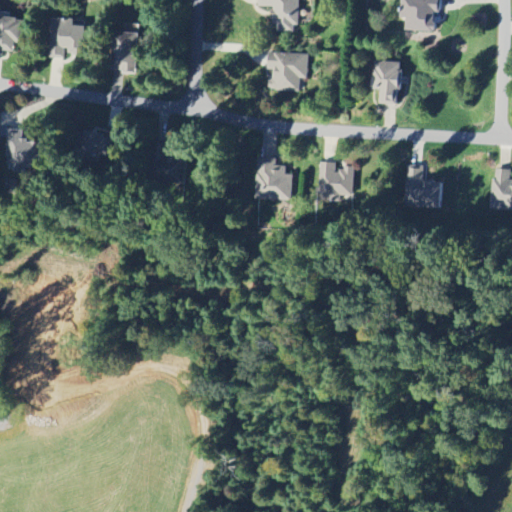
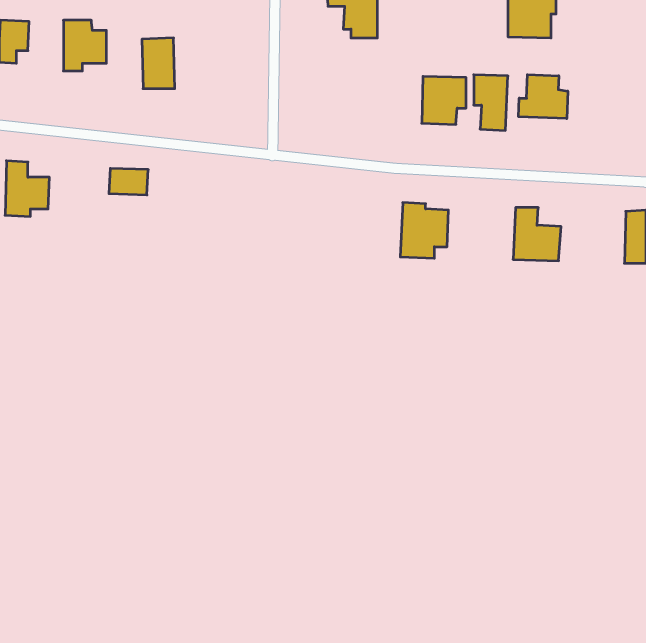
building: [273,52,308,90] -> [422,76,466,124]
building: none -> [519,75,568,119]
building: [257,160,292,198] -> none

